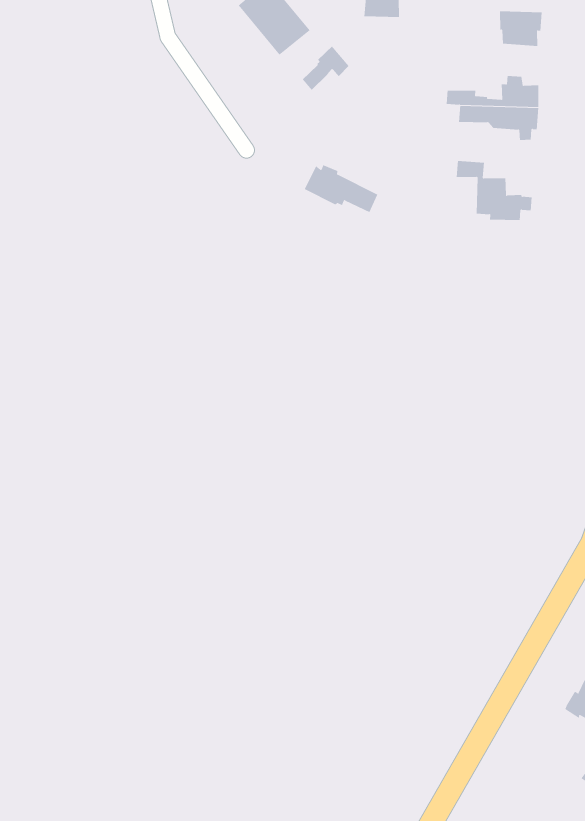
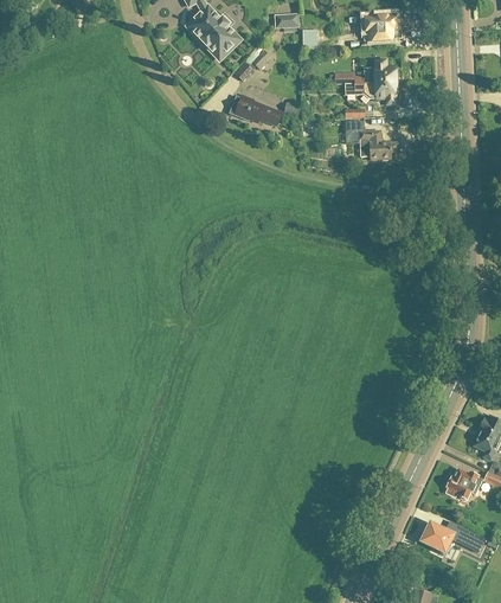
building: [304,164,378,213] -> [229,94,280,124]
building: none -> [420,522,454,553]

